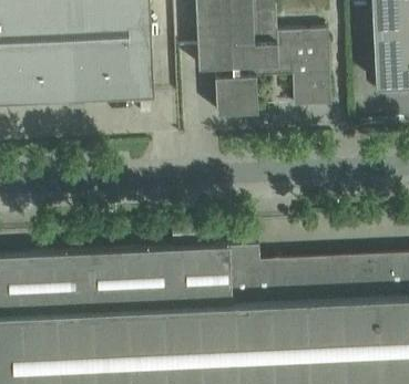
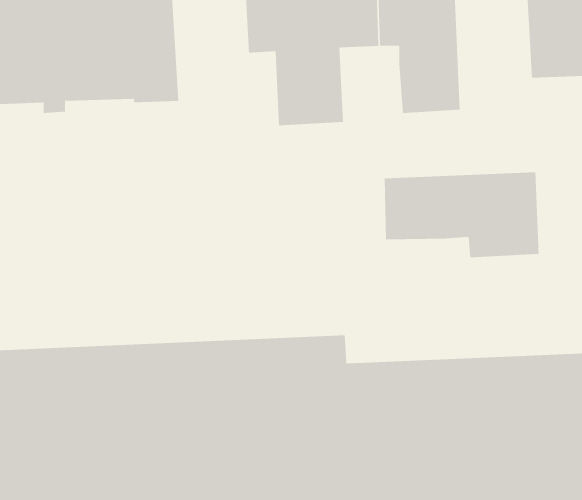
building: none -> [384,171,539,258]

